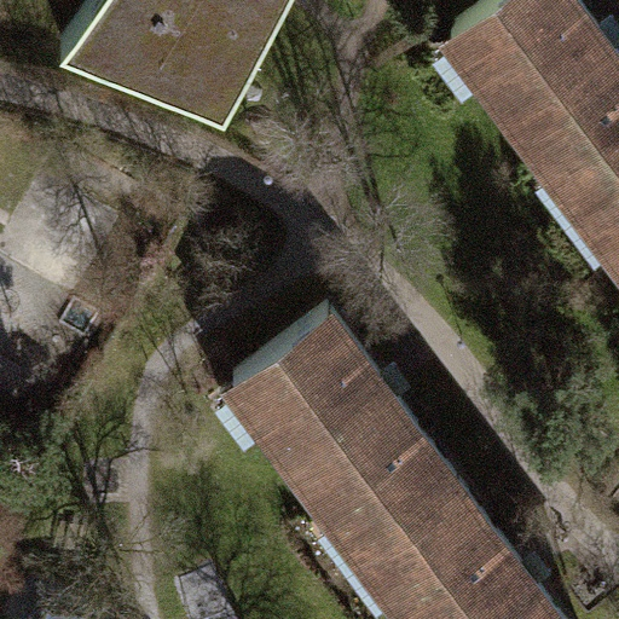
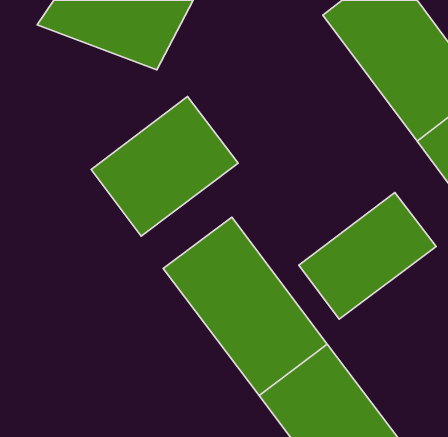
building: none -> [91,97,238,236]
building: none -> [299,192,436,319]

